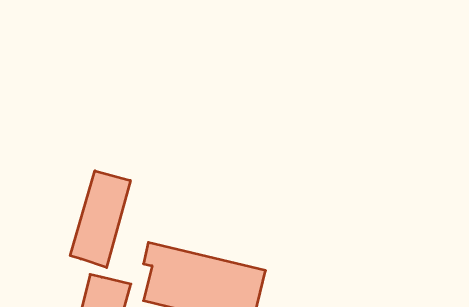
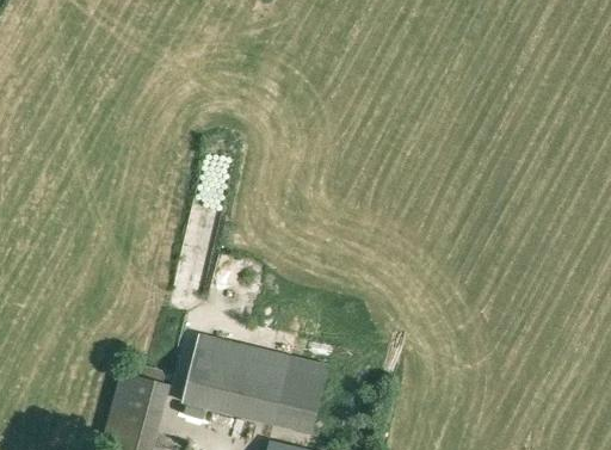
building: [70,171,130,268] -> none

